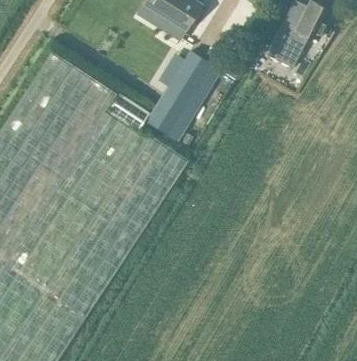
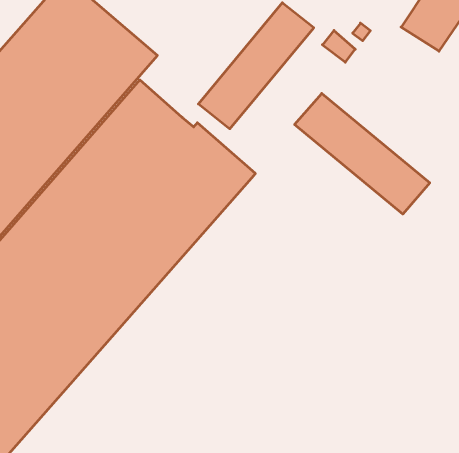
building: [106,94,148,132] -> none
building: none -> [295,93,430,214]

